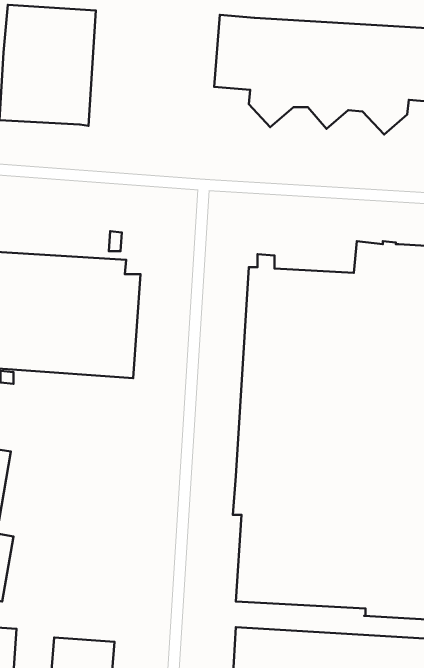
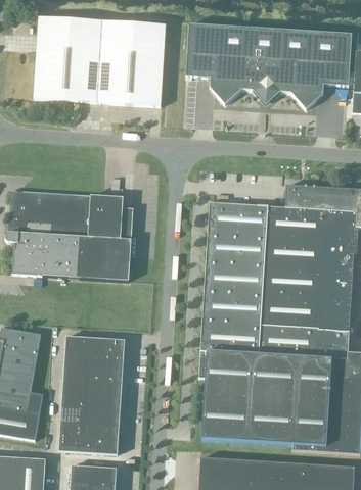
building: none -> [96,20,166,106]
building: none -> [58,336,123,454]

